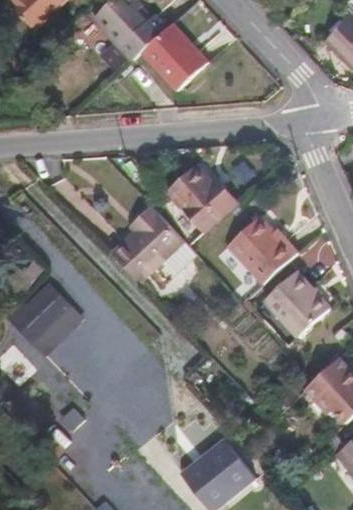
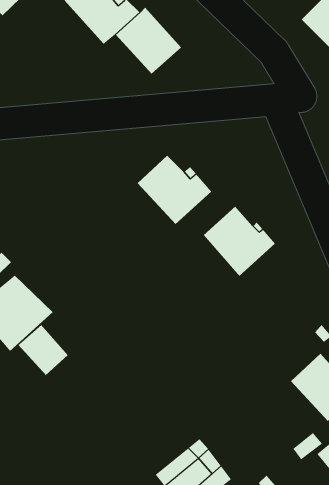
building: [107,204,180,281] -> none
building: [264,271,330,338] -> none
building: none -> [18,324,69,376]

